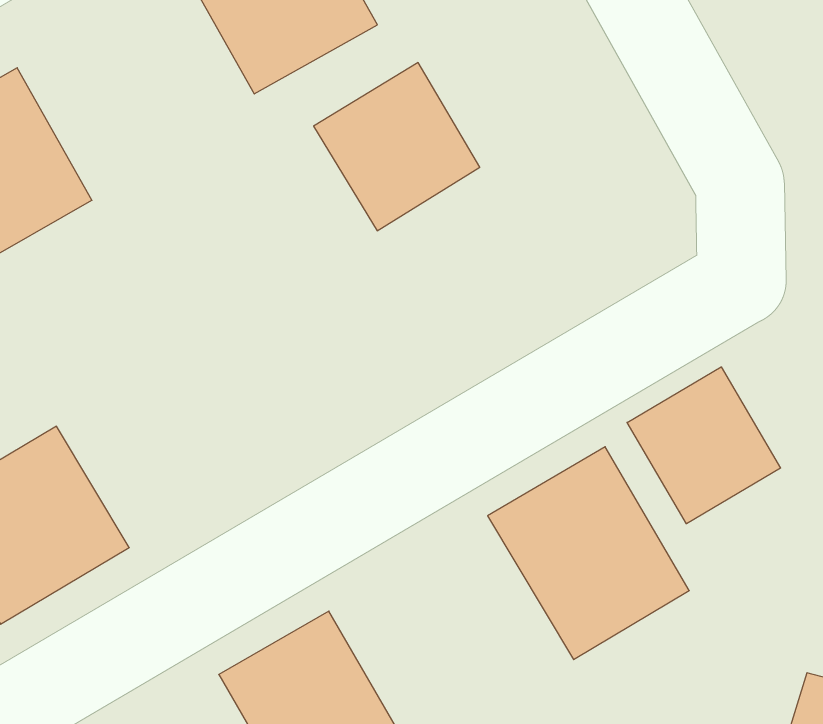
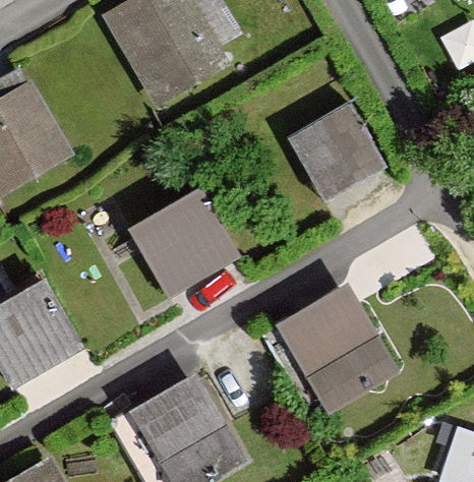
building: [314,63,480,231] -> [289,108,379,199]
building: none -> [126,189,237,298]
building: [627,367,781,524] -> none

